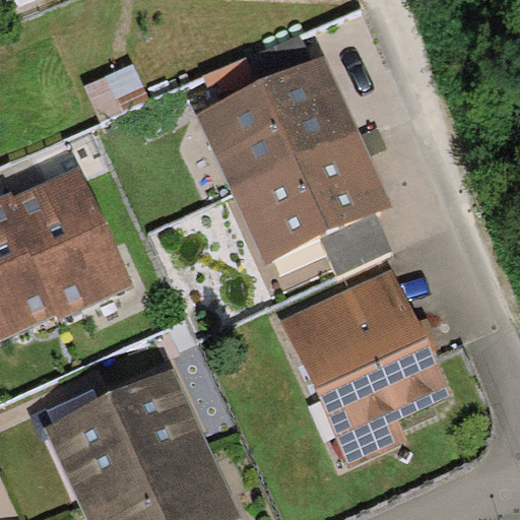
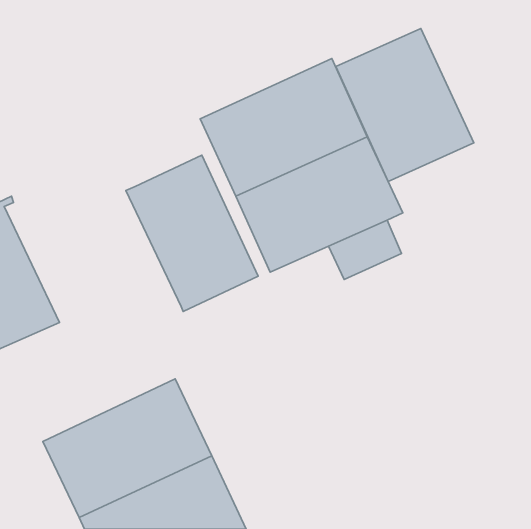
building: none -> [336,28,474,182]
building: [4,167,133,319] -> [126,155,258,312]
building: [280,267,450,464] -> none

